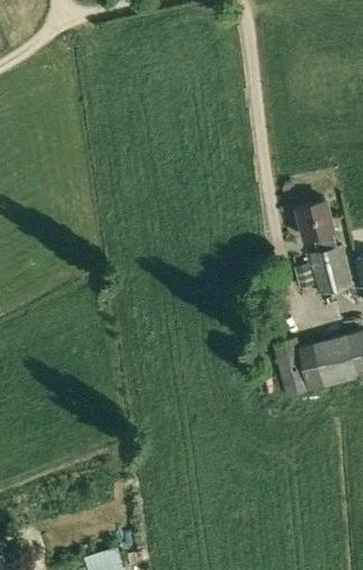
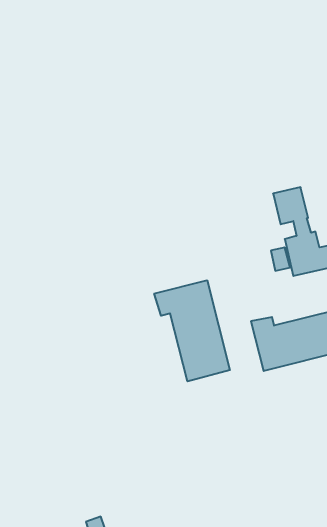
building: none -> [154,280,230,381]

